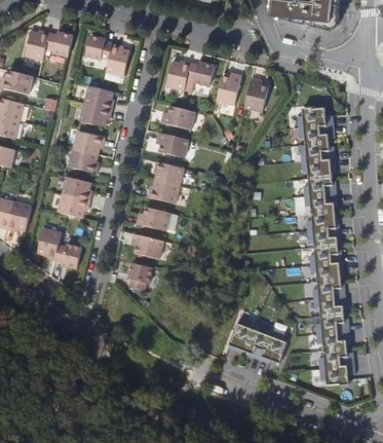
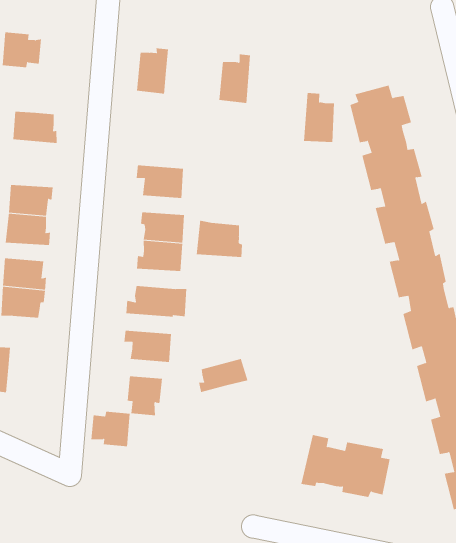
building: [105,43,128,75] -> none
building: [186,62,214,86] -> none
building: [243,77,267,111] -> [303,93,335,143]
building: [79,103,111,126] -> none
building: [160,105,194,130] -> none
building: none -> [196,220,242,258]
building: [53,244,81,268] -> [90,411,131,447]
building: none -> [198,358,248,393]

